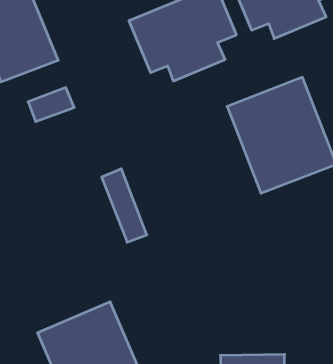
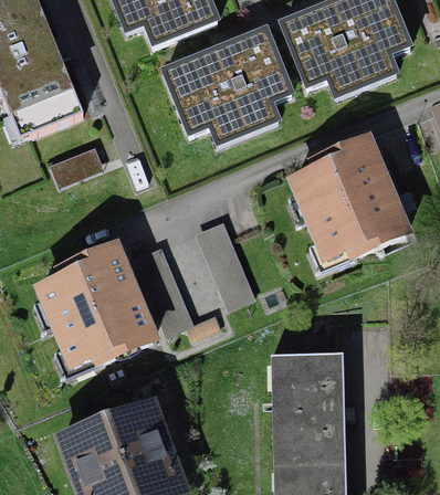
building: none -> [201,217,254,301]
building: none -> [20,250,148,386]
building: none -> [271,351,348,462]

